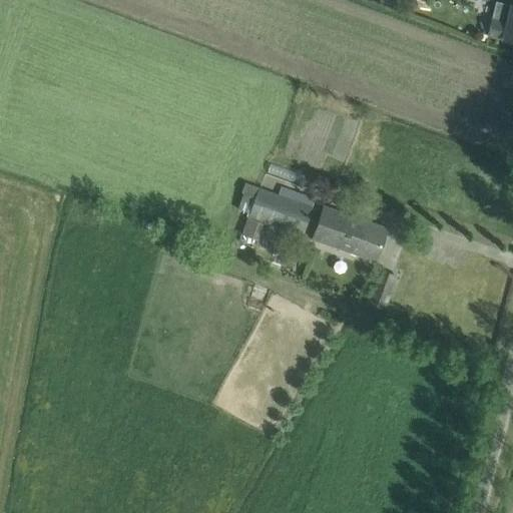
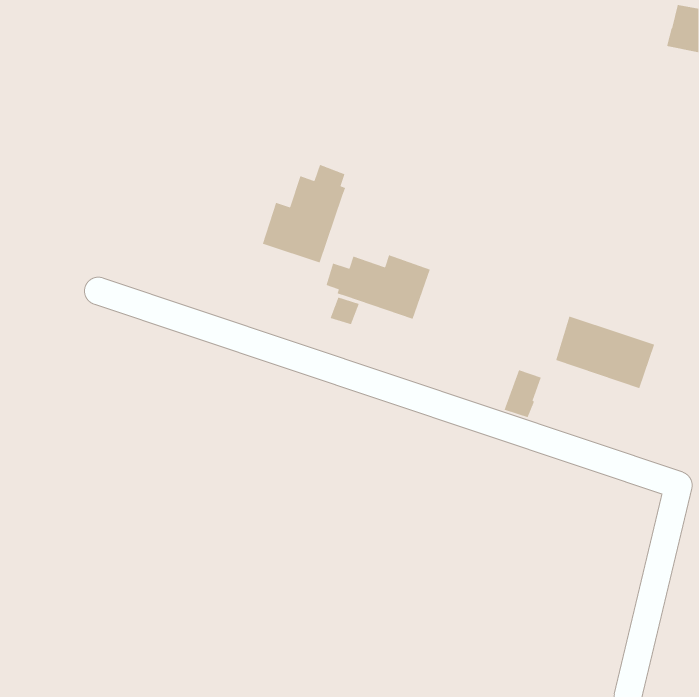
building: none -> [262,164,346,263]
building: [314,206,387,261] -> [555,315,655,389]

